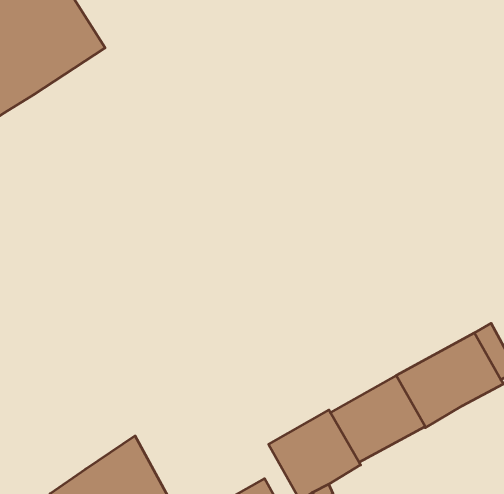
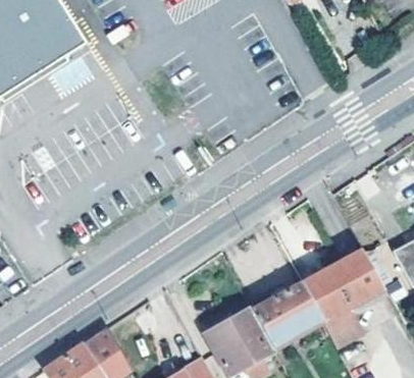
building: none -> [322,306,362,345]

